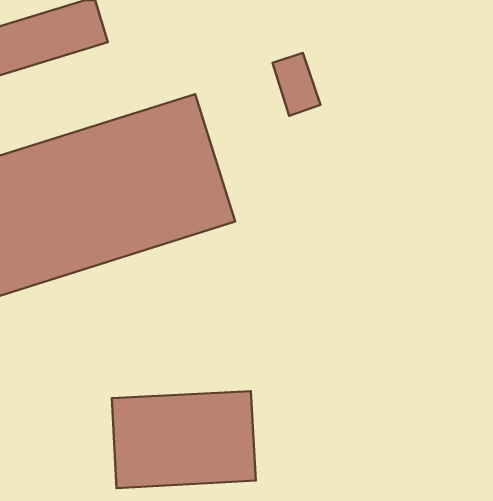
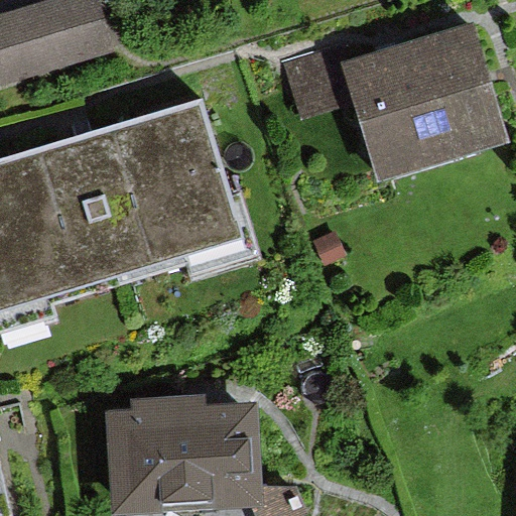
building: none -> [335,28,503,188]

